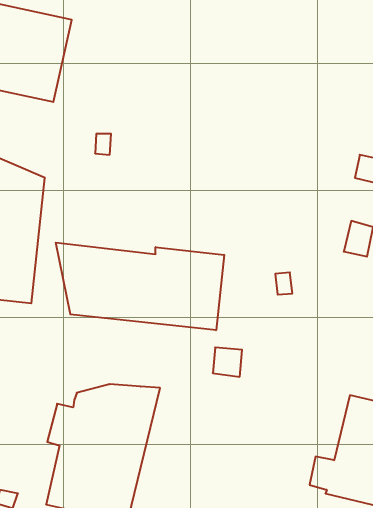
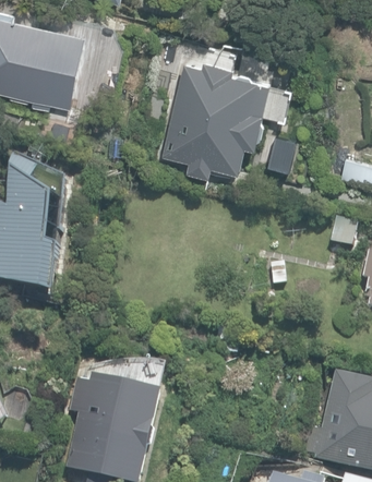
building: none -> [158,61,269,180]
building: [56,243,224,330] -> none

